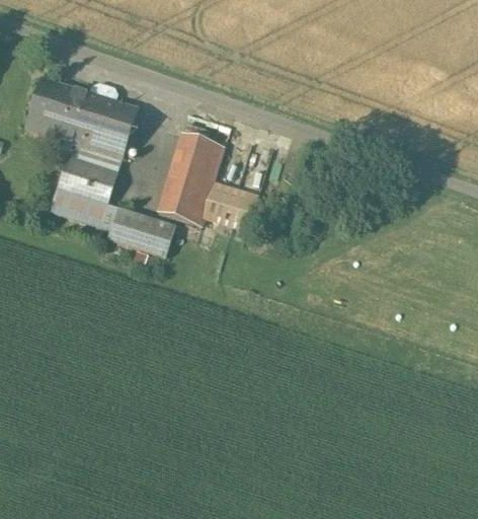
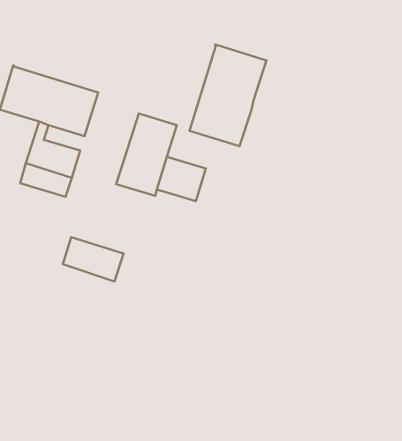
building: none -> [189,44,267,146]
building: [107,207,175,256] -> [63,237,124,281]

